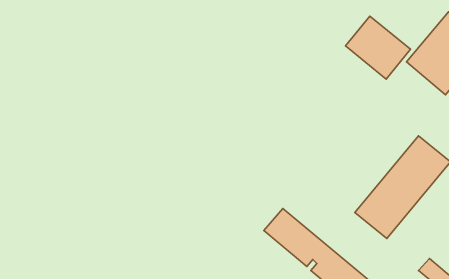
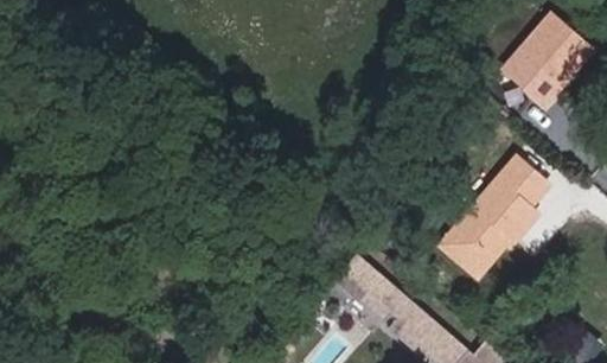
building: [345,16,410,79] -> none

